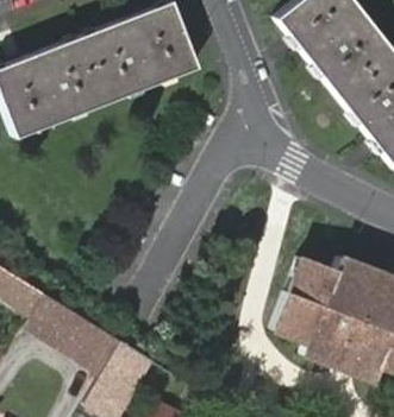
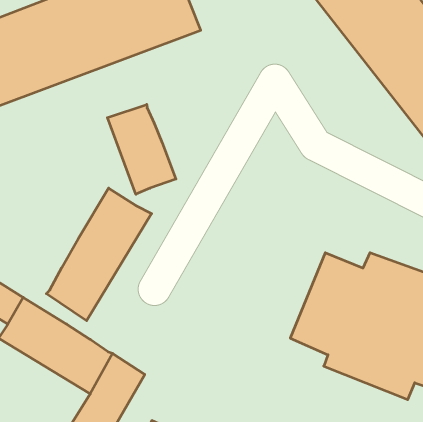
building: none -> [107,104,176,194]
building: none -> [46,188,152,321]

